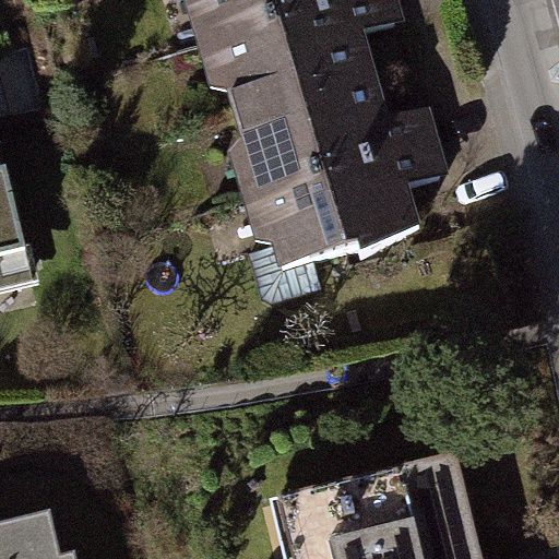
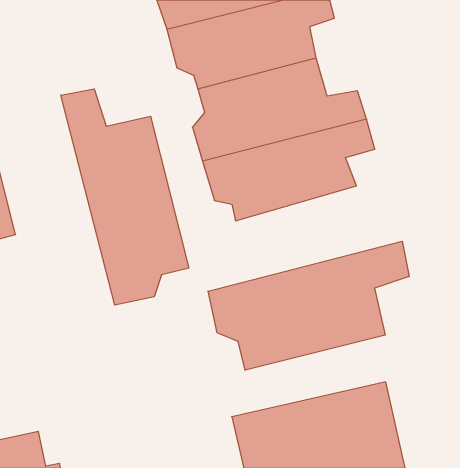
building: none -> [61,89,189,305]
building: none -> [208,241,409,370]

